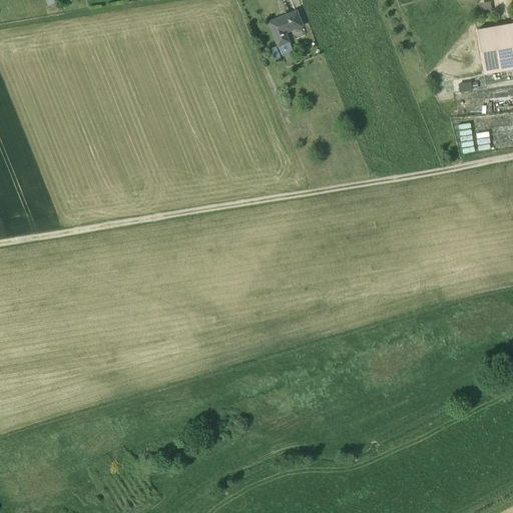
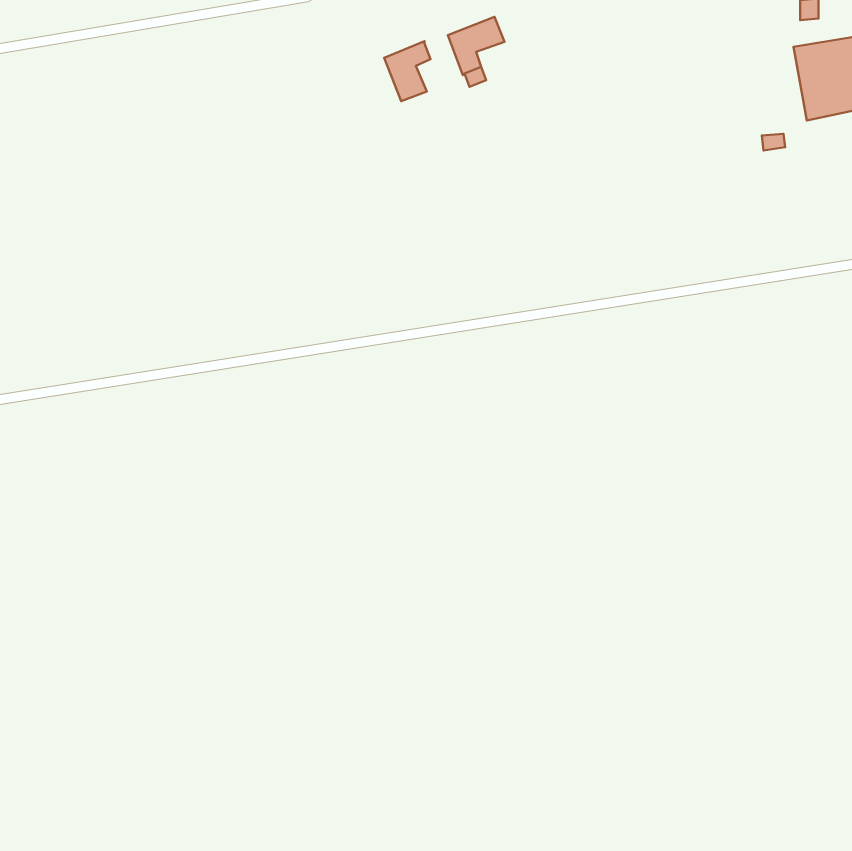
building: none -> [384,41,430,101]

